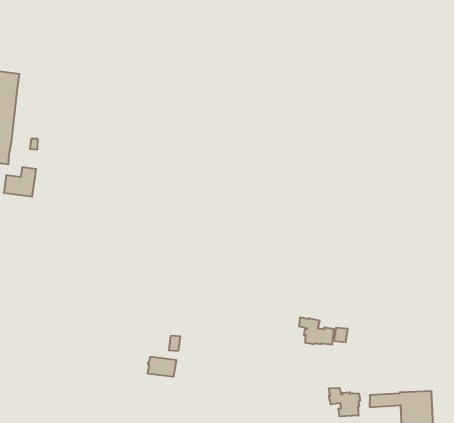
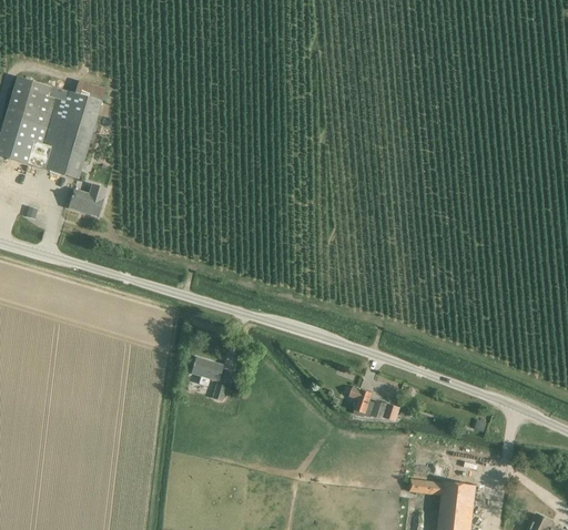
building: [147,357,176,377] -> [190,357,222,381]
building: [329,388,360,416] -> none

